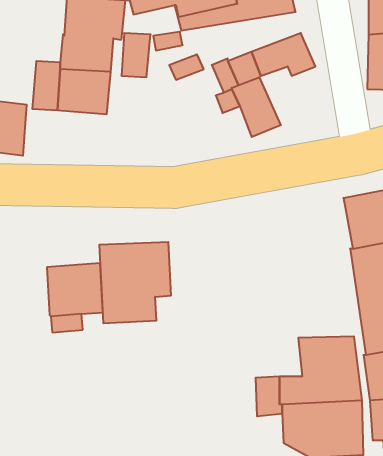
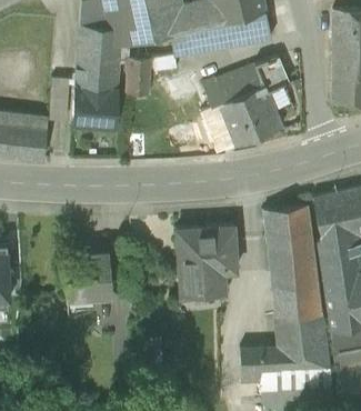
building: none -> [242,86,283,134]
building: none -> [263,204,321,312]
building: [99,242,171,323] -> [177,224,237,292]

